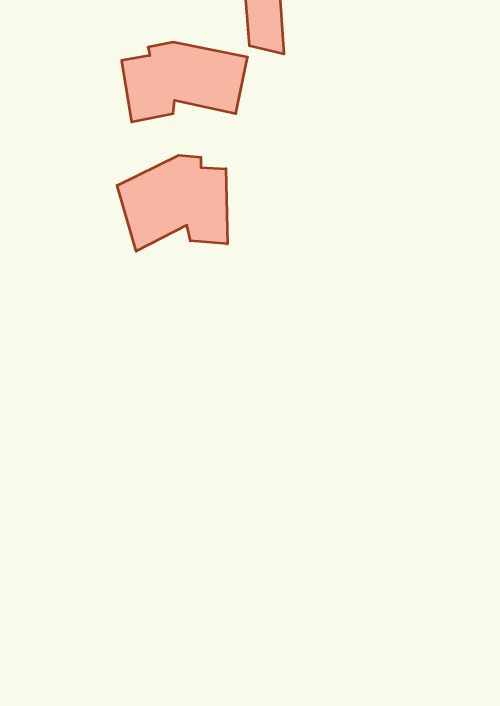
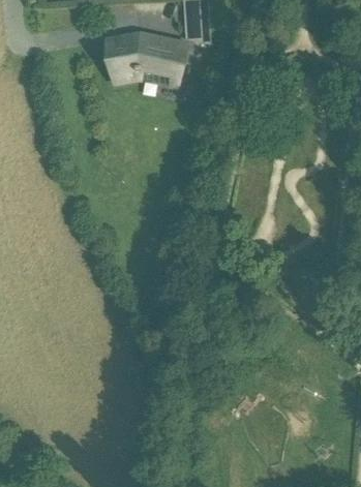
building: [117,155,227,251] -> none

